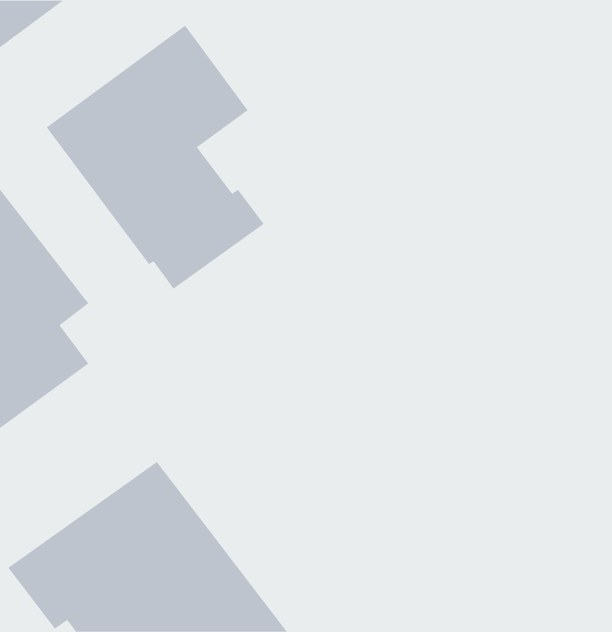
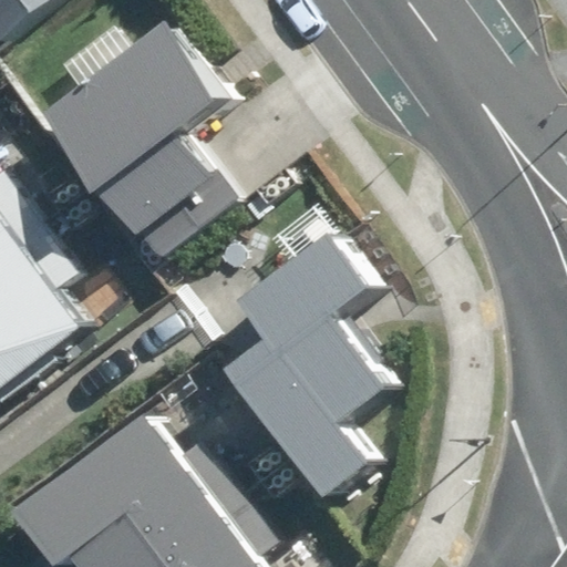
building: none -> [224,234,388,497]

